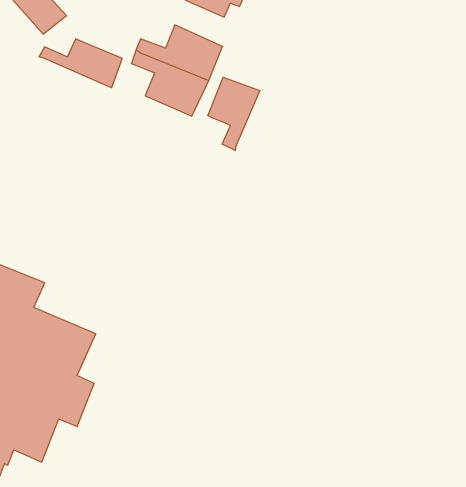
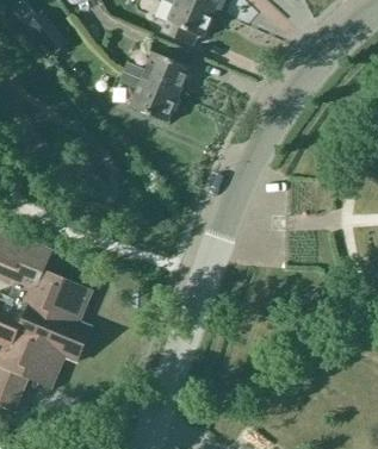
building: [39,39,122,88] -> none
building: [208,77,260,151] -> none

